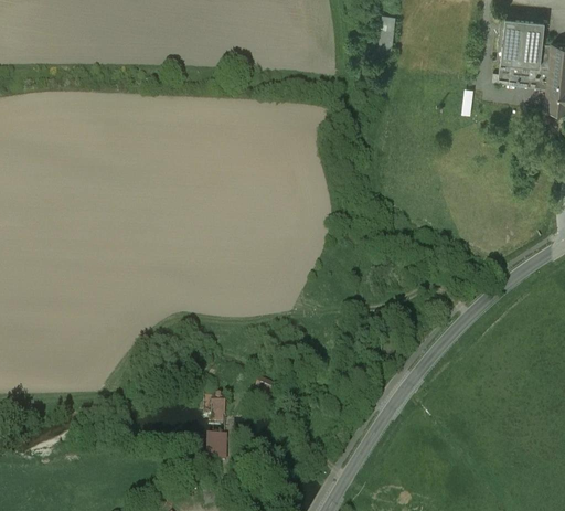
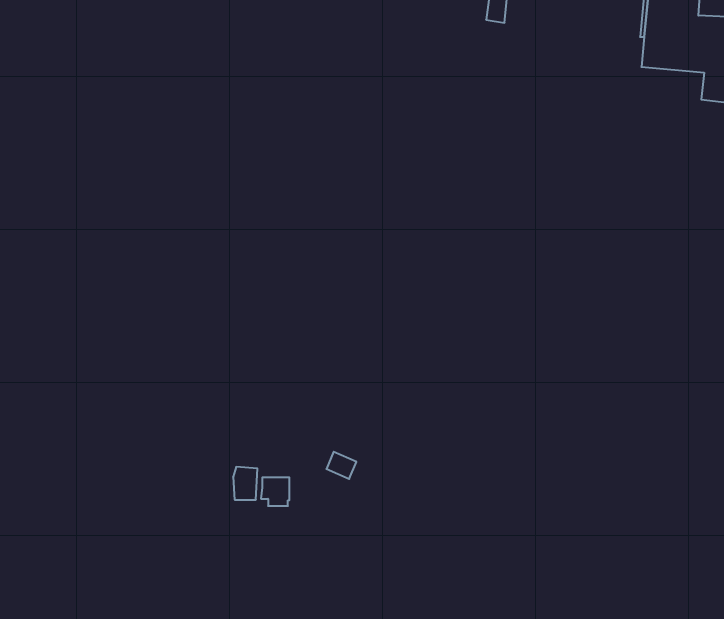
building: [209,434,227,459] -> [233,467,257,500]

